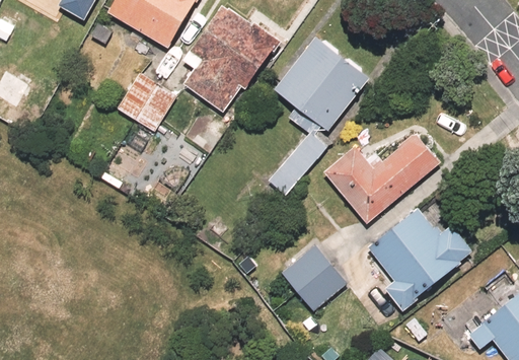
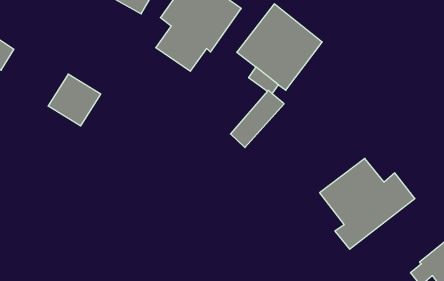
building: [117,73,175,131] -> [48,74,101,126]
building: [324,132,440,223] -> none
building: [282,244,347,310] -> none

